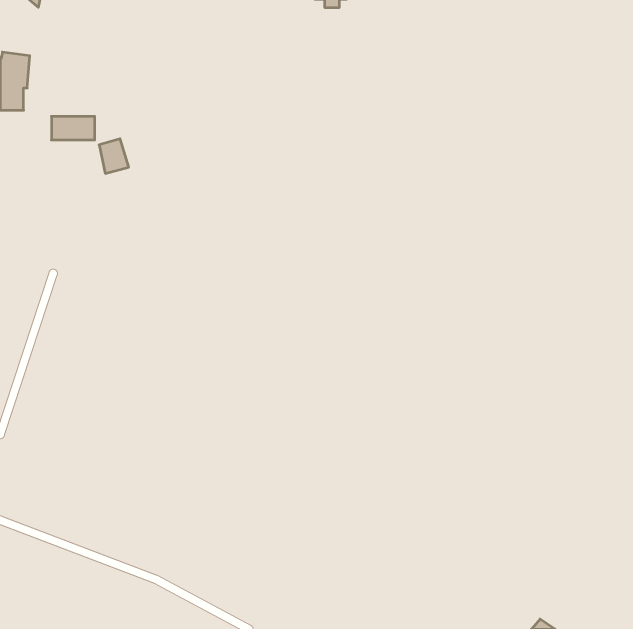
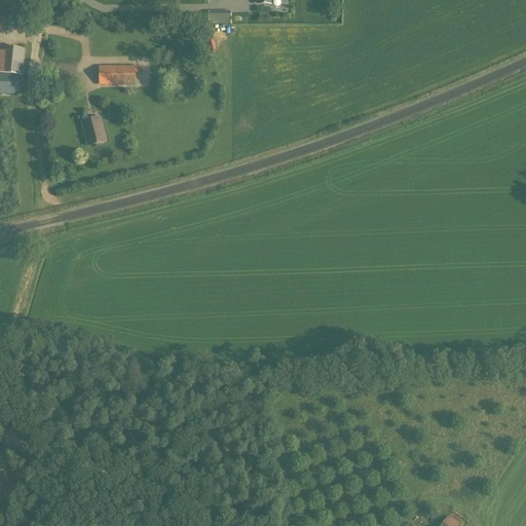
building: [51,116,95,140] -> [99,64,135,83]

